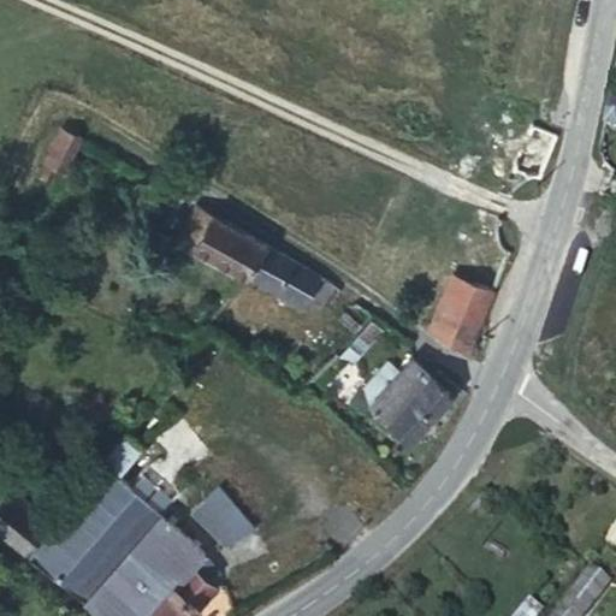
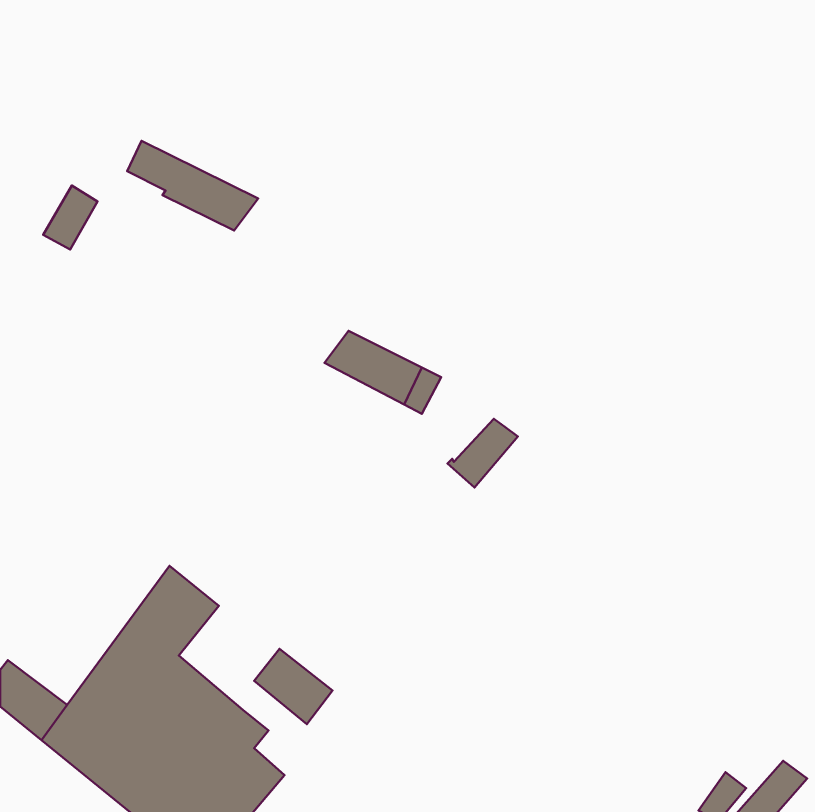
building: [165,209,263,277] -> [127,141,258,230]
building: [428,276,497,359] -> none
building: [372,363,449,443] -> none

